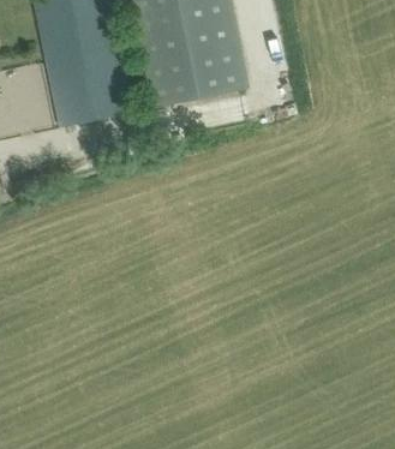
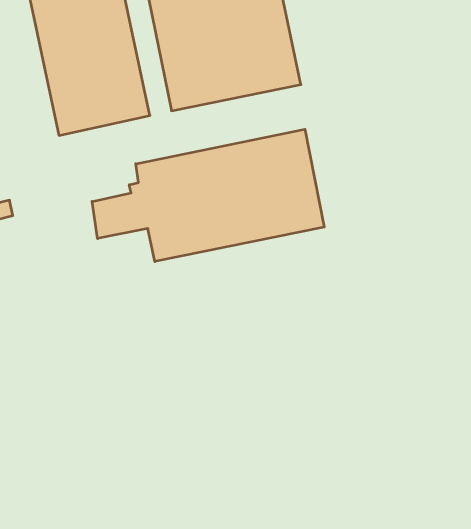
building: none -> [92,129,324,262]

